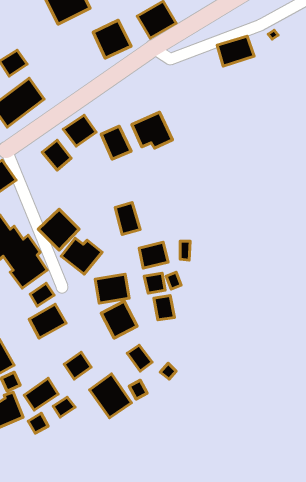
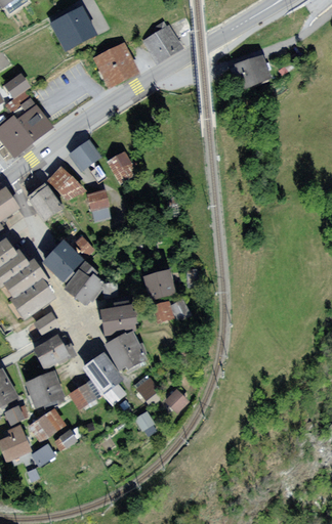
building: [132,112,172,148] -> none
building: none -> [27,184,61,219]
building: [115,203,140,235] -> [87,188,113,221]
building: [154,295,175,320] -> none
building: none -> [26,370,65,407]
building: [90,374,132,418] -> [82,350,125,395]

